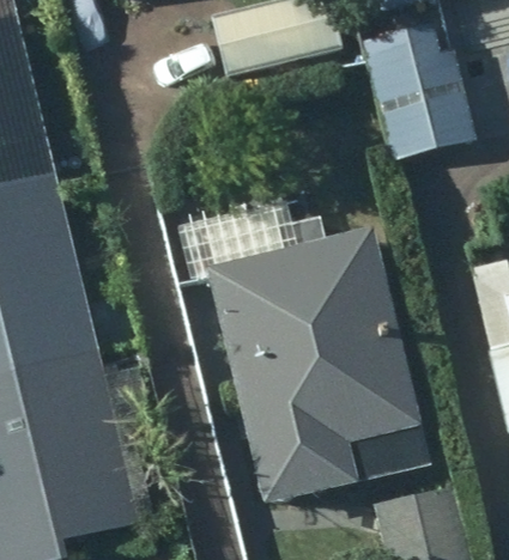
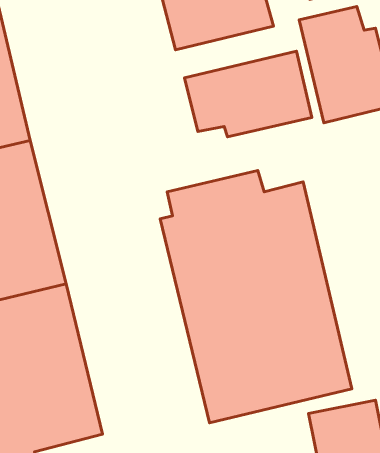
building: none -> [185,51,312,137]

